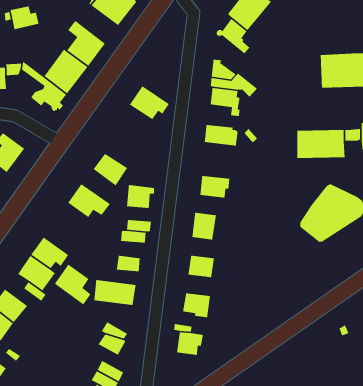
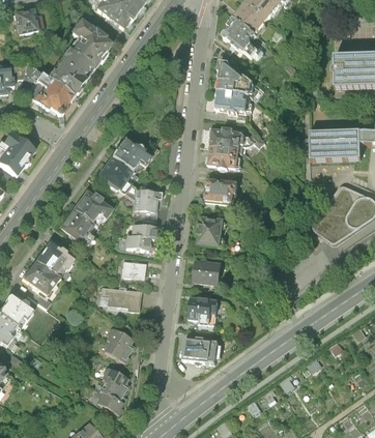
building: [129,85,170,120] -> [112,136,153,171]
building: none -> [210,145,246,167]
building: [54,263,92,305] -> [59,206,97,249]

